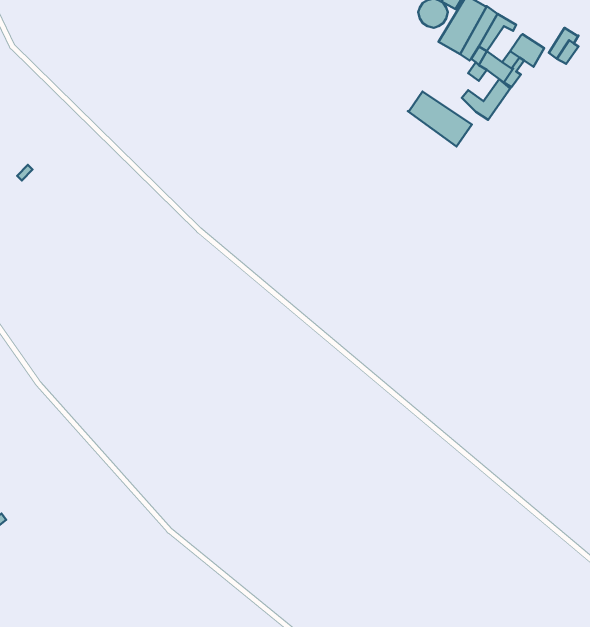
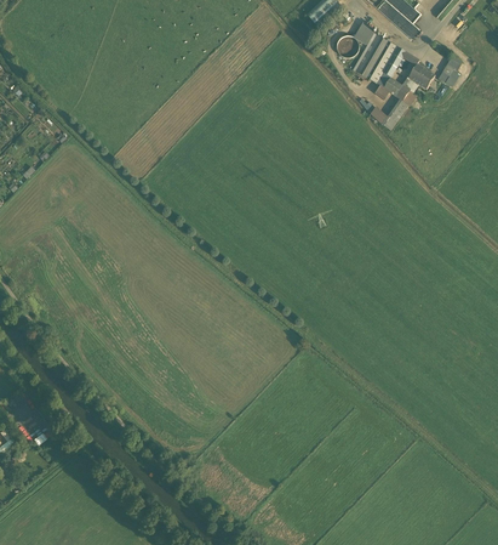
building: [408,91,472,146] -> none

